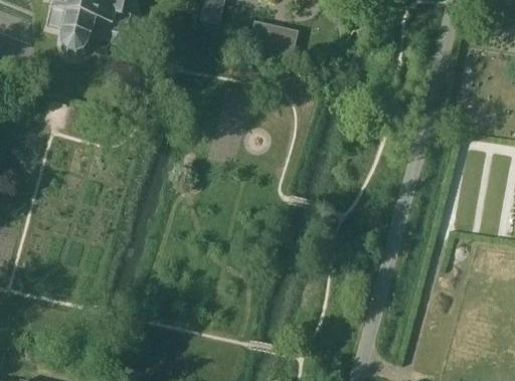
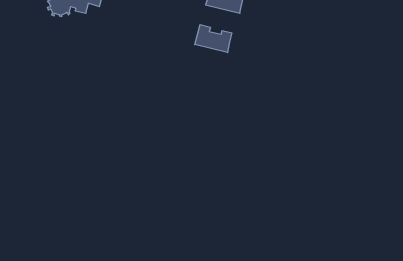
building: none -> [195,25,232,53]

